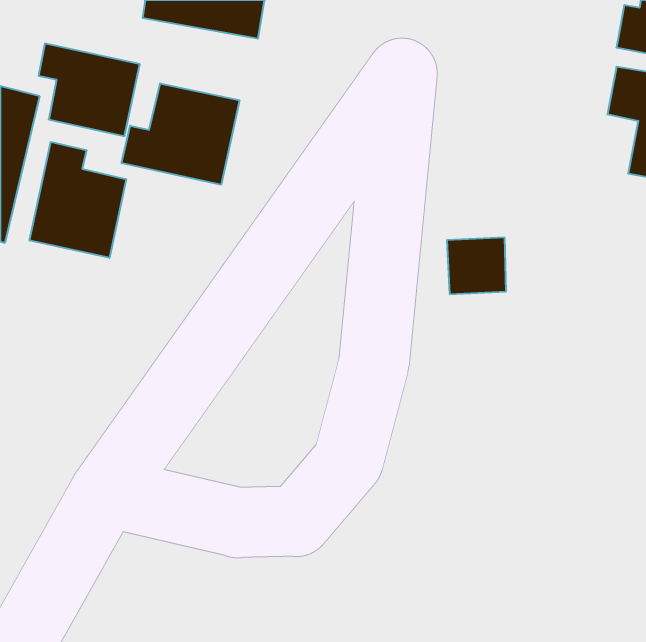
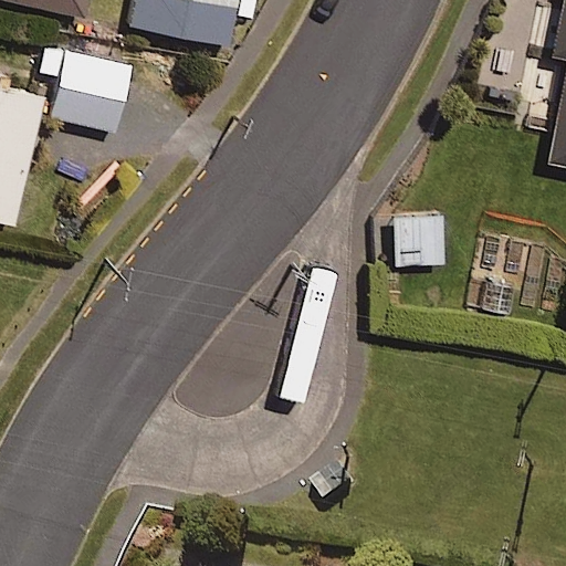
building: [122,83,240,185] -> none
building: [30,142,126,258] -> none

